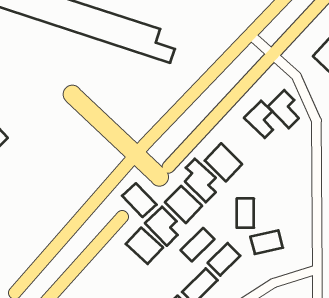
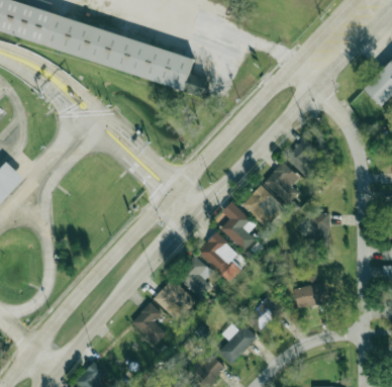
building: [268,90,299,128] -> [265,163,299,205]
building: [122,183,157,217] -> none
building: [237,199,254,228] -> [309,214,328,247]
building: [181,228,214,261] -> none
building: none -> [131,303,165,343]

